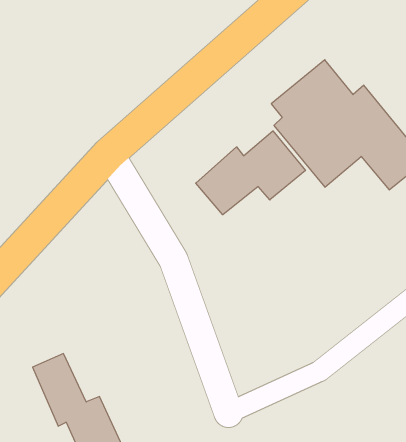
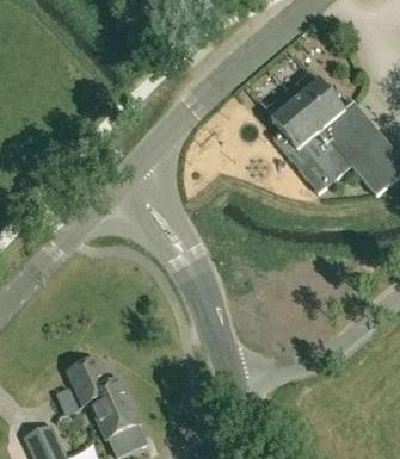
building: [196,131,305,215] -> none

